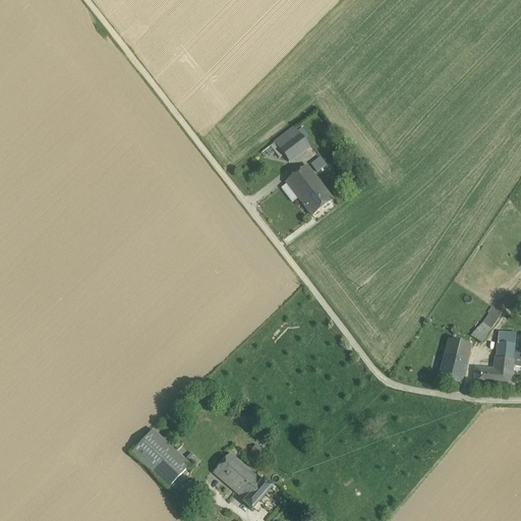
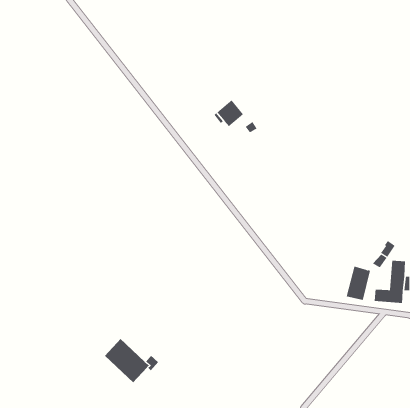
building: [286,164,332,214] -> none
building: [212,451,271,511] -> none

